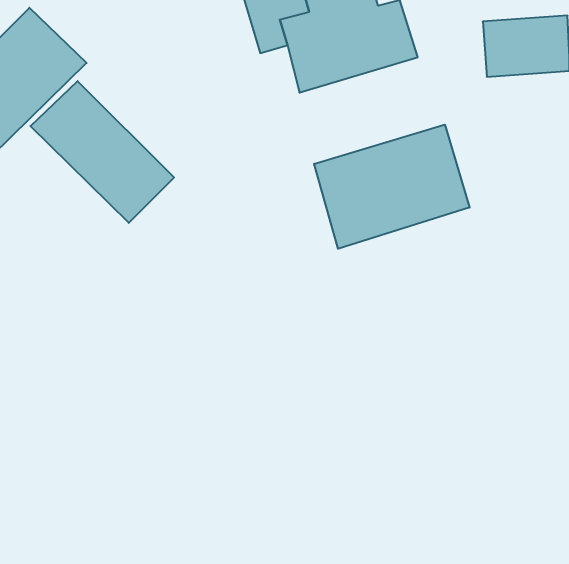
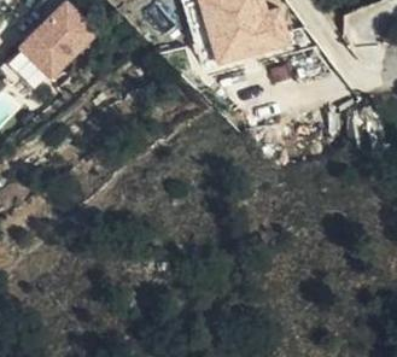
building: [30,81,174,223] -> none
building: [314,125,470,249] -> none

